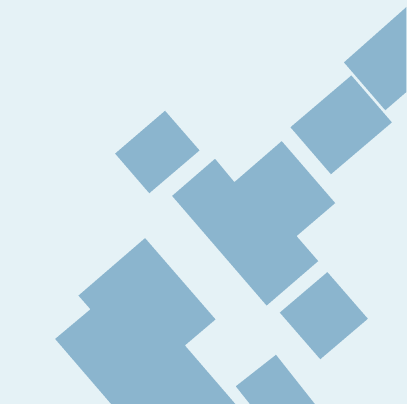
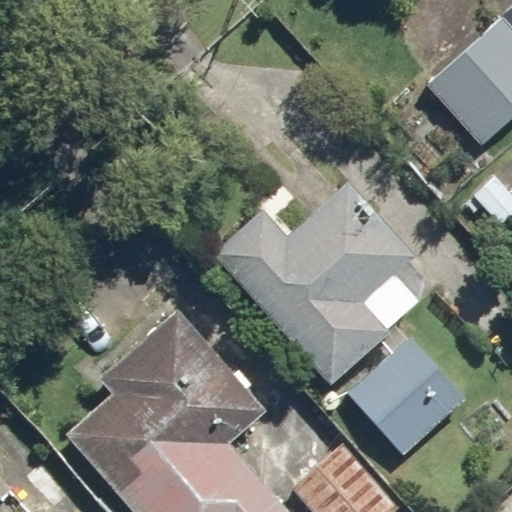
building: [289,74,393,175] -> none
building: [114,109,201,195] -> none

